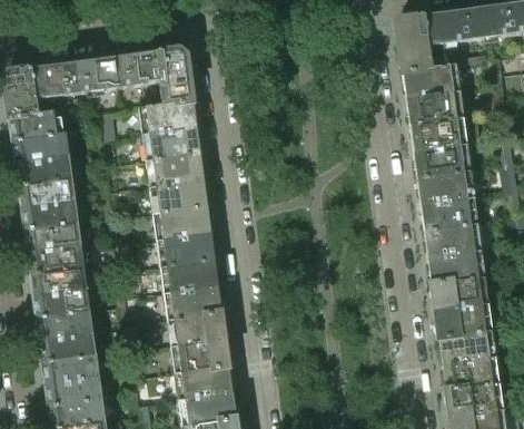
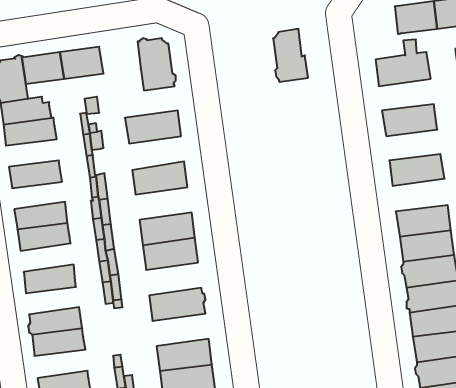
building: [396,16,433,71] -> [273,29,308,82]
building: [113,52,157,86] -> none
building: [406,91,464,125] -> none
building: [137,99,196,133] -> none
building: [414,145,471,177] -> none
building: [145,152,202,187] -> none
building: [16,155,71,184] -> none
building: [421,196,478,231] -> none
building: [22,199,78,228] -> none
building: [151,205,210,240] -> none
building: [31,264,87,294] -> none
building: [162,284,220,319] -> none
building: [34,310,92,339] -> none
building: [169,338,229,372] -> none
building: [46,376,101,406] -> none

